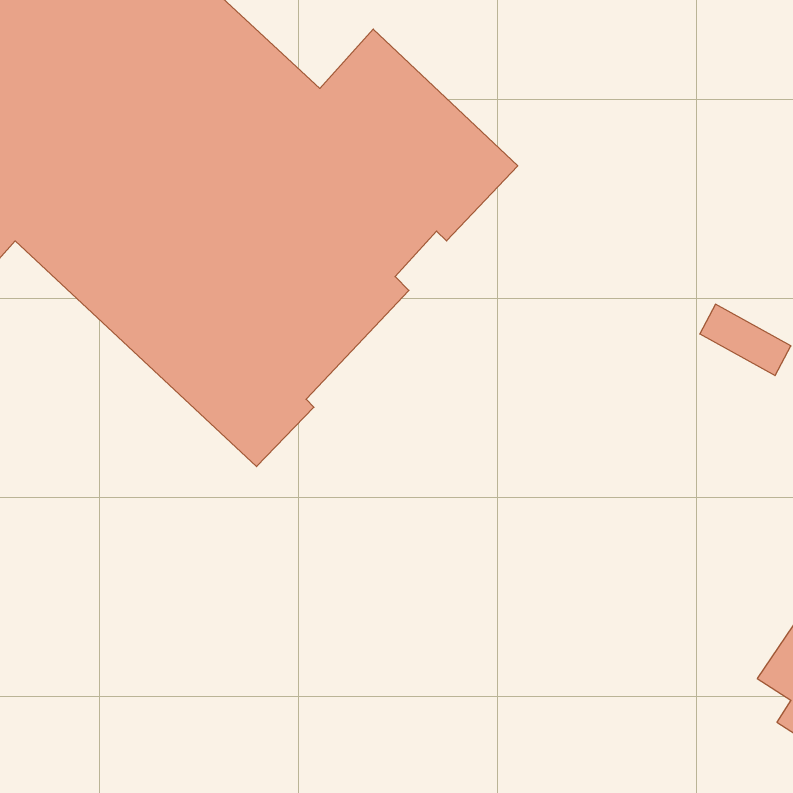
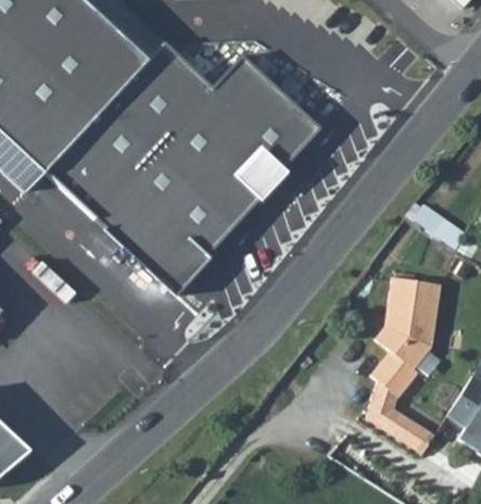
building: none -> [364,276,438,454]

